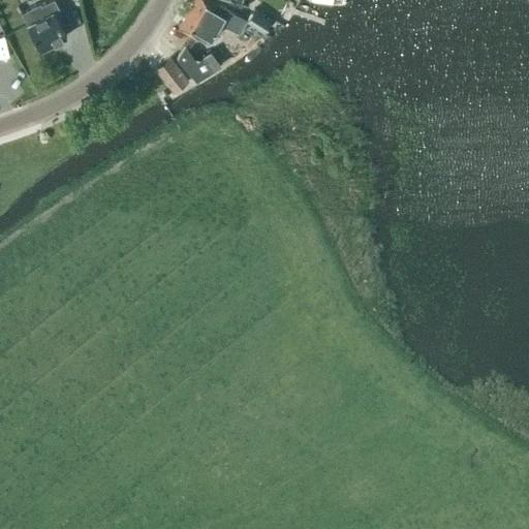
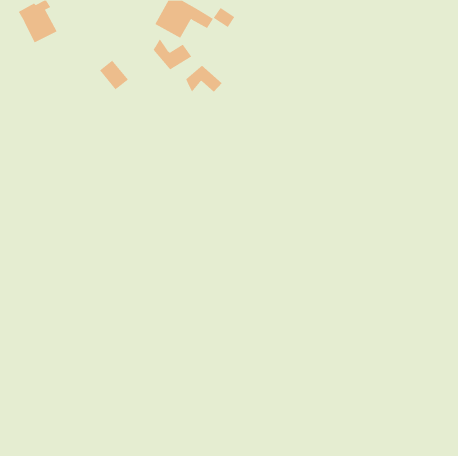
building: [155,60,189,95] -> [99,60,129,90]
building: none -> [186,65,223,92]

